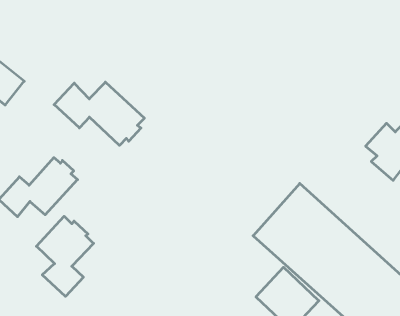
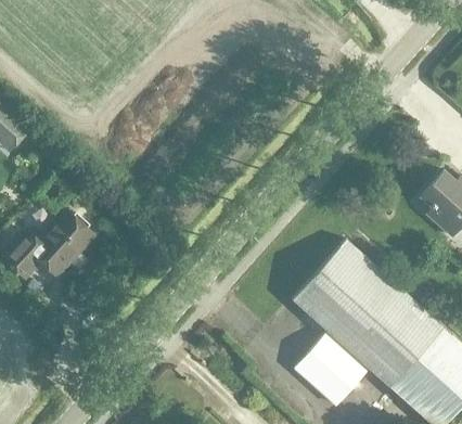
building: [54,82,144,145] -> none
building: [36,216,94,296] -> none

